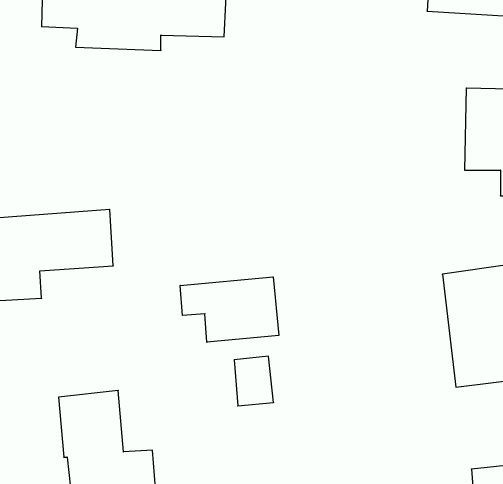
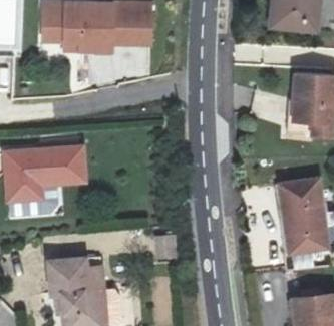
building: [180,277,279,342] -> none

